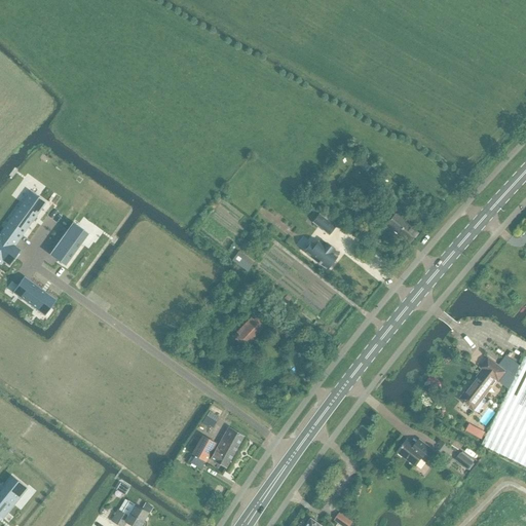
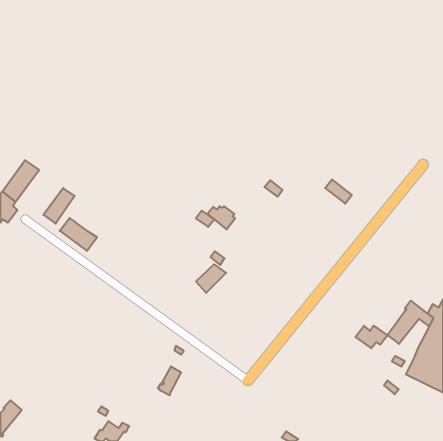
building: [304,240,337,268] -> [208,206,235,229]
building: [12,275,57,314] -> [60,218,97,251]
building: [211,425,242,466] -> none
building: [397,438,435,464] -> [355,326,388,348]

